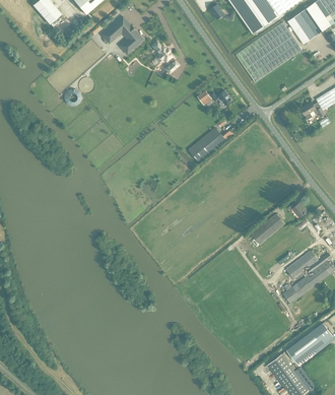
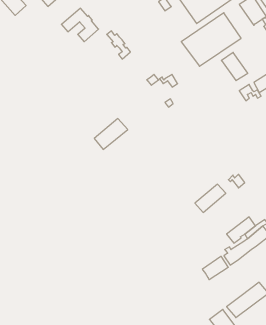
building: [287,11,317,43] -> [221,52,248,81]
building: [189,126,226,160] -> [94,119,128,149]
building: none -> [202,256,228,280]

